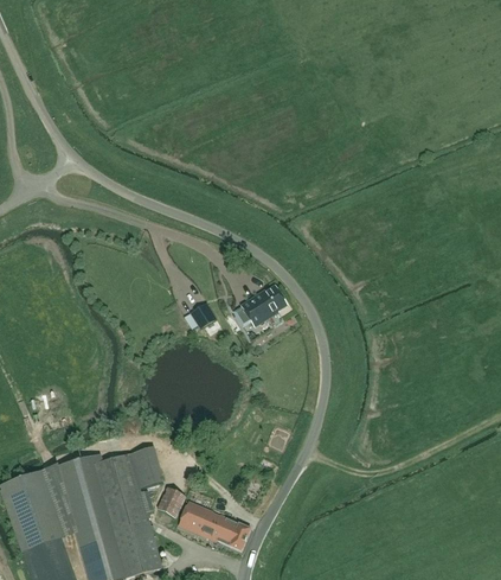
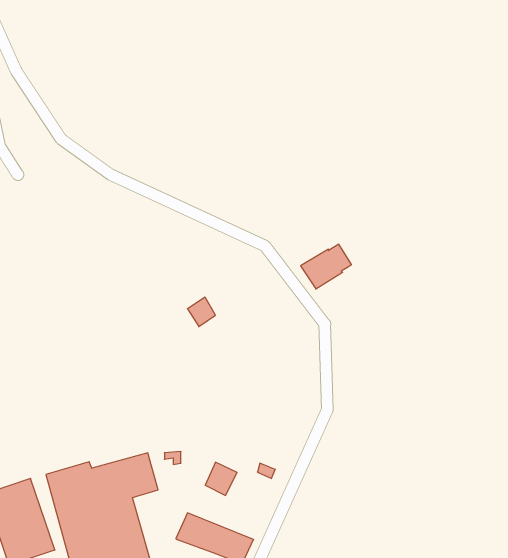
building: [238,285,285,326] -> [301,244,351,289]
building: [155,486,185,517] -> [205,462,237,495]

